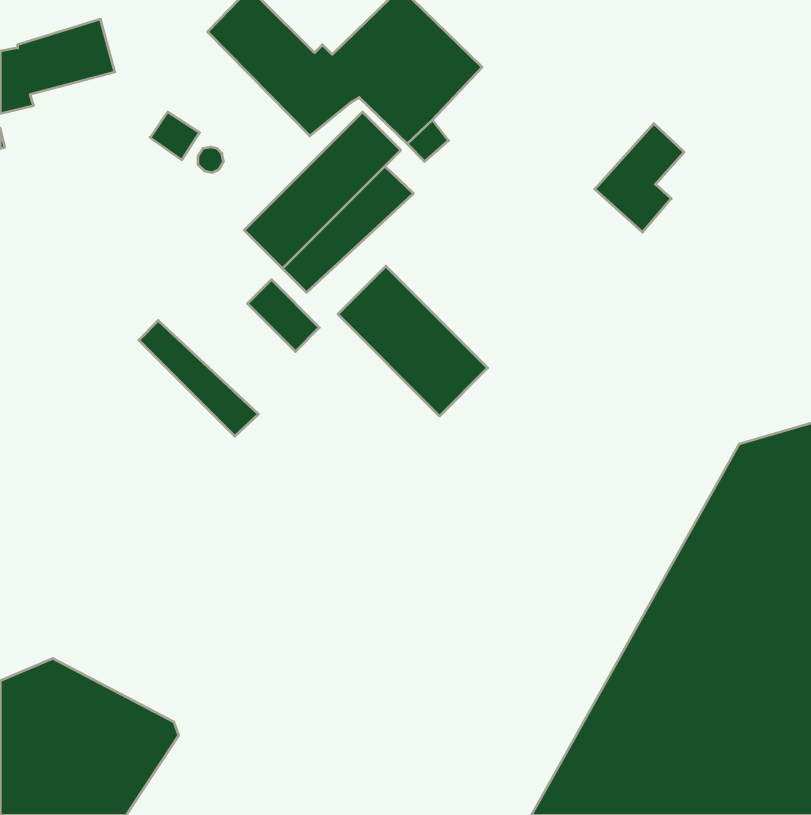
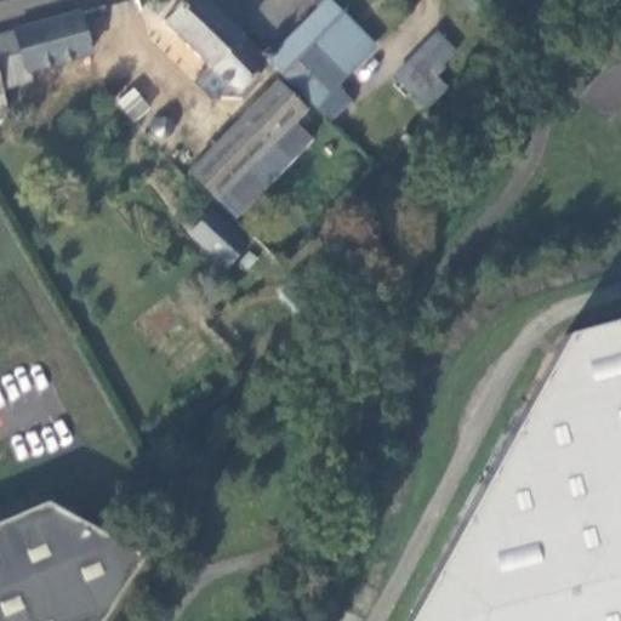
building: [595,124,684,232] -> [394,27,462,109]
building: [338,266,488,416] -> none
building: [139,320,258,436] -> none

